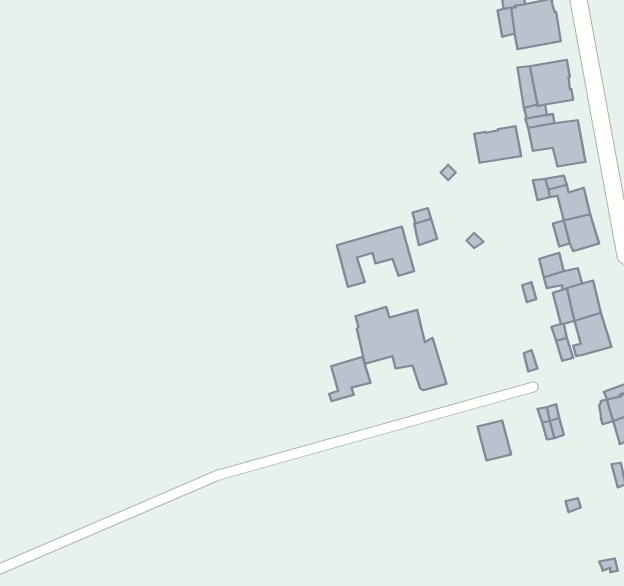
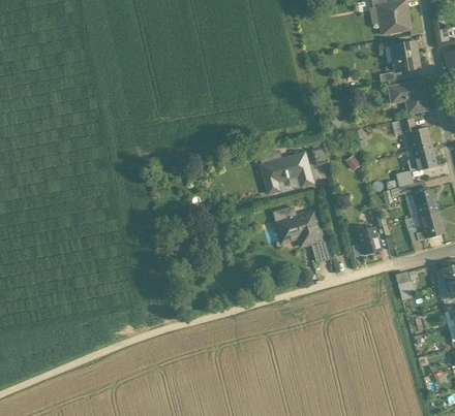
building: [474,126,521,163] -> none
building: [329,357,370,401] -> none
building: [477,420,511,461] -> [358,227,381,254]

